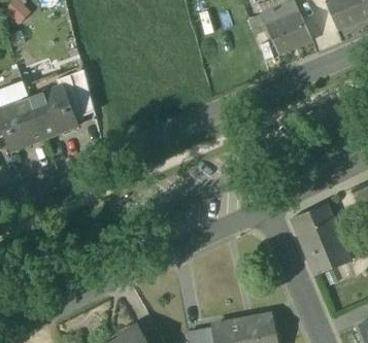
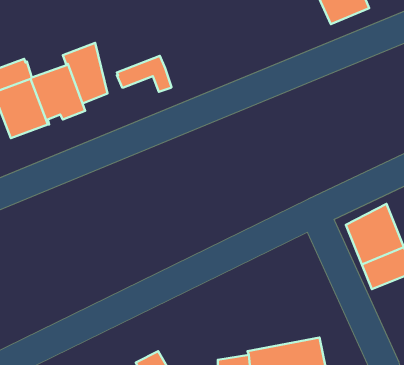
building: none -> [117,56,172,92]

